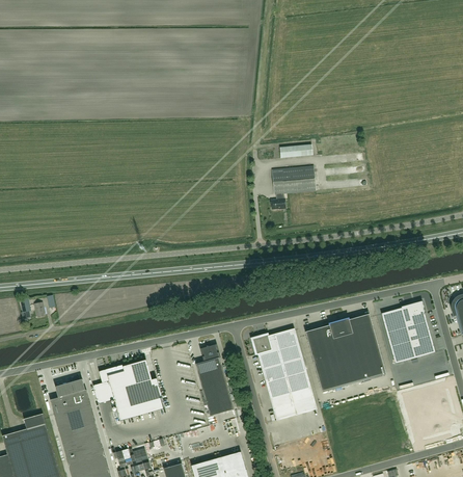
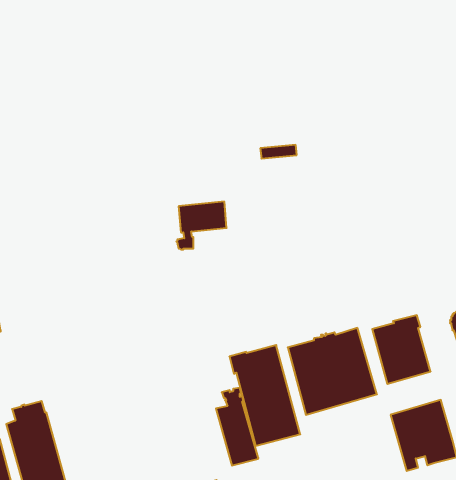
building: [269,165,315,209] -> [176,202,227,250]
building: [194,344,233,415] -> [216,388,258,466]
building: [98,359,164,420] -> none

